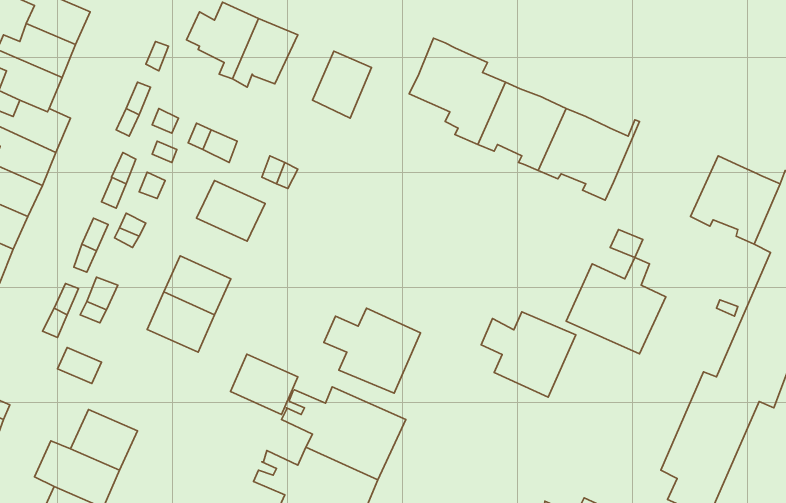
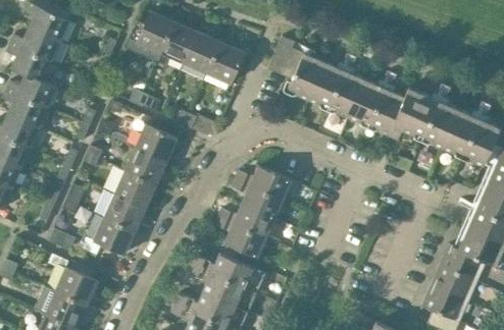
building: none -> [183,34,219,74]
building: none -> [123,148,165,185]
building: [566,257,666,354] -> [396,87,458,147]
building: [481,312,576,397] -> [232,166,291,219]
building: [231,354,298,415] -> [93,217,135,255]

